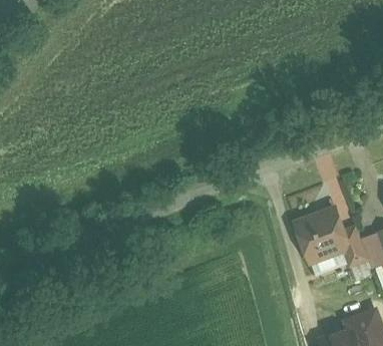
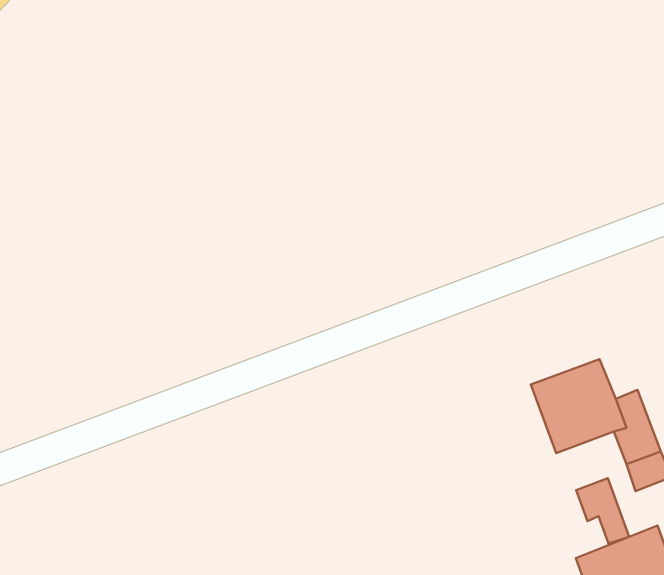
building: none -> [576,478,629,544]

